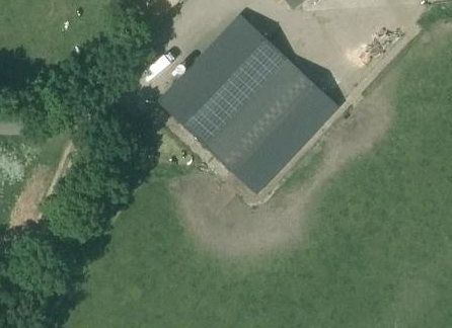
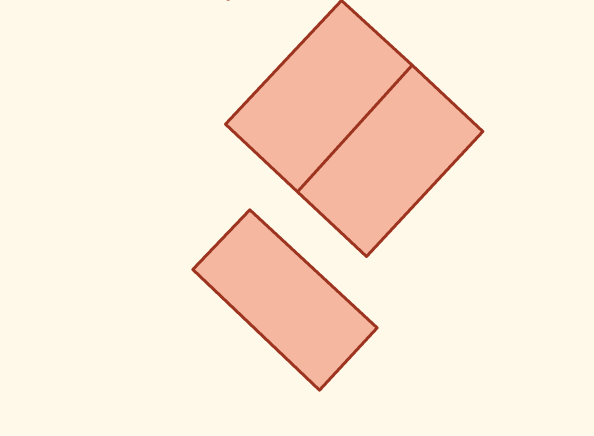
building: none -> [193,210,377,390]

